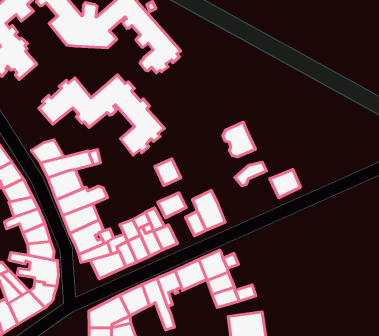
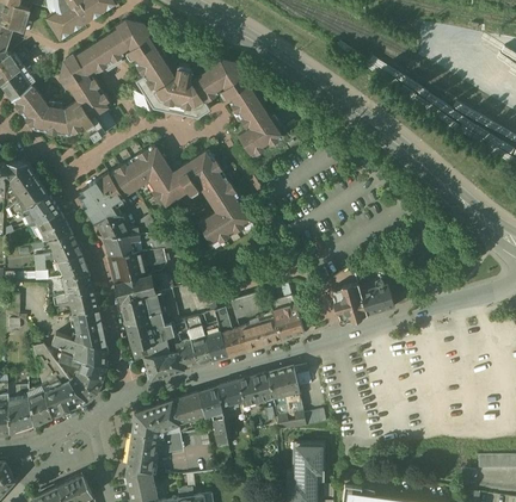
building: none -> [85,174,124,223]
building: [223,122,256,157] -> [332,284,367,322]
building: [155,159,181,185] -> [238,323,265,352]

